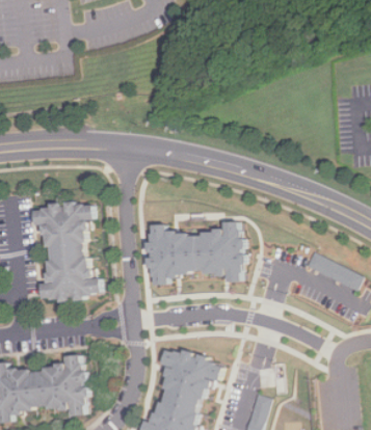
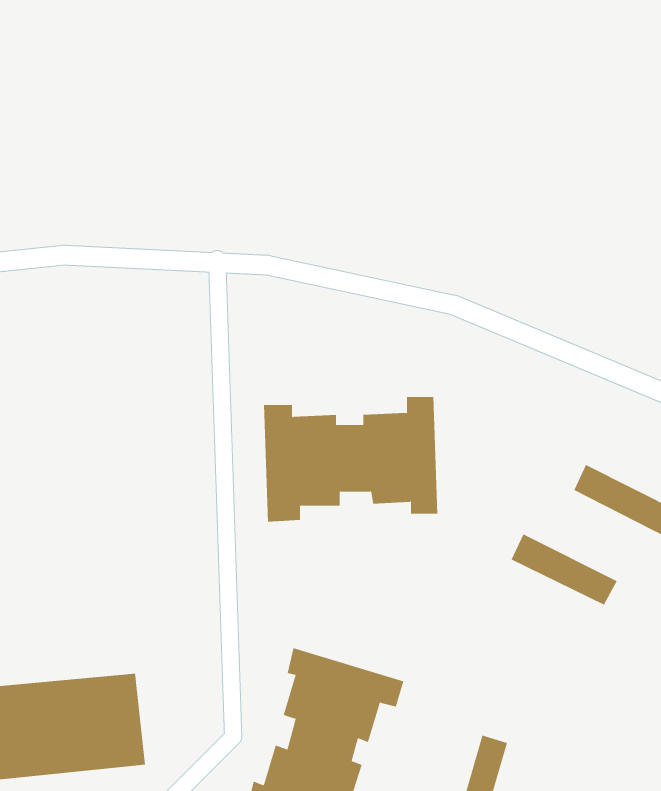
building: [39,200,92,299] -> none
building: none -> [511,533,618,605]

